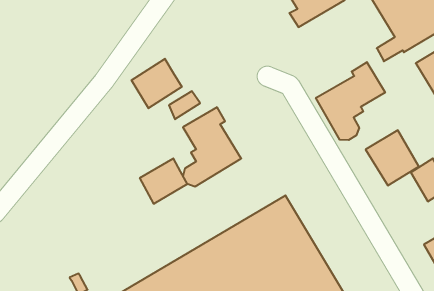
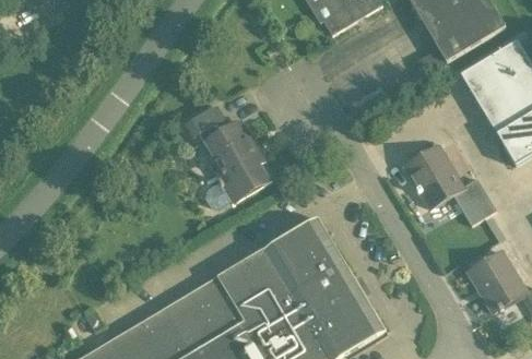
building: [132,59,182,108] -> none
building: [316,62,385,140] -> none
building: [140,158,187,204] -> none

